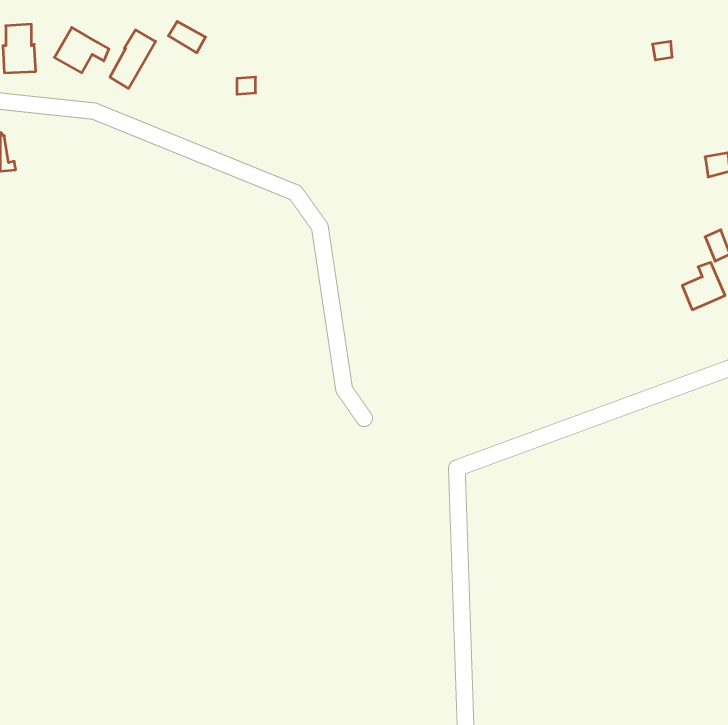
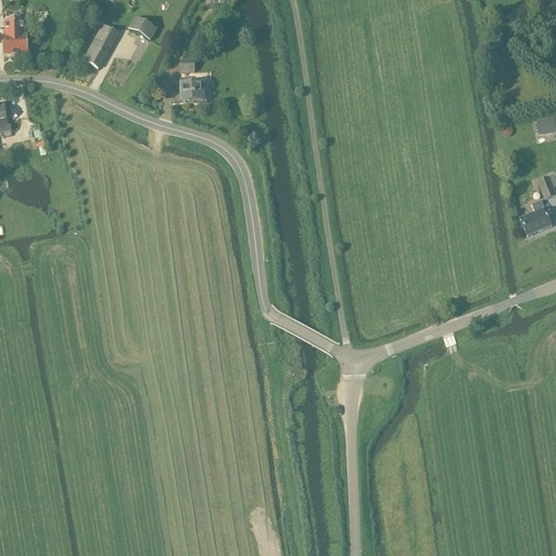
building: [54,27,109,73] -> none
building: none -> [181,77,204,101]

